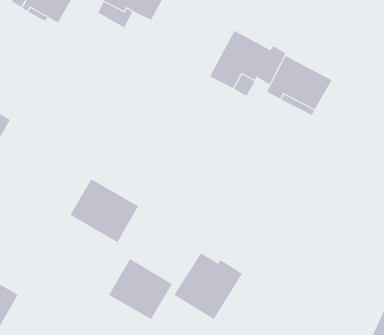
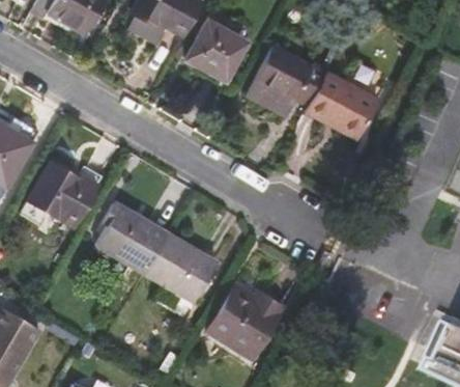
building: none -> [186,21,246,79]
building: none -> [26,159,104,226]
building: [108,258,173,320] -> [147,234,217,301]

